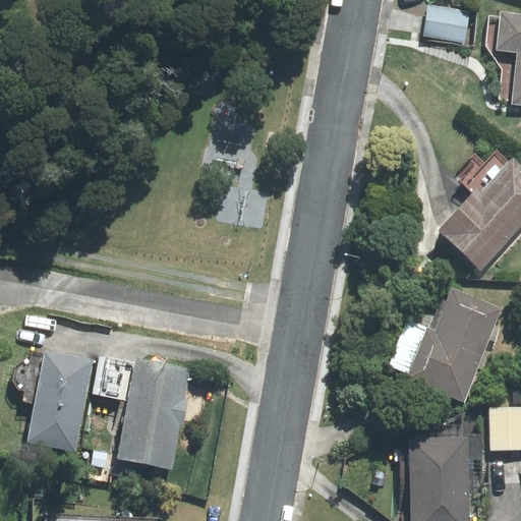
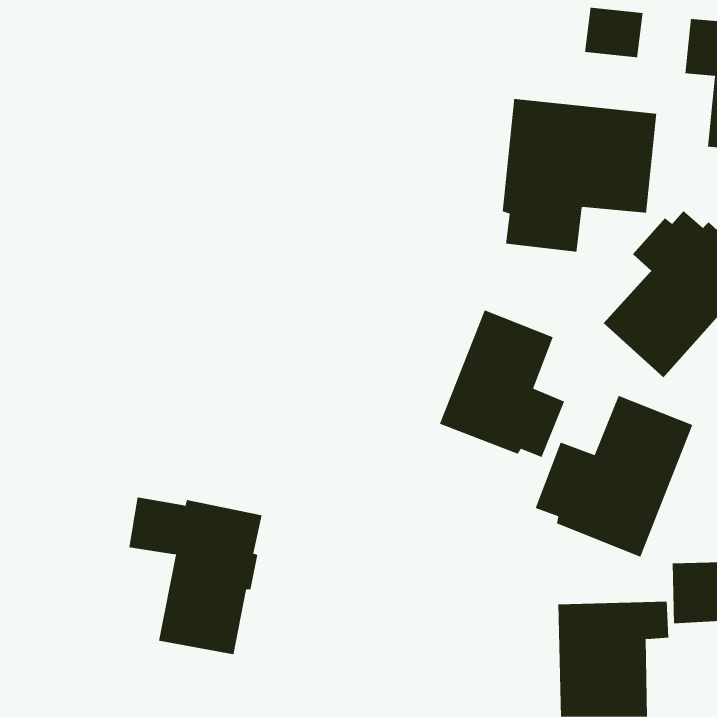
building: none -> [502,98,657,253]
building: none -> [439,310,565,458]
building: [26,354,92,454] -> none

